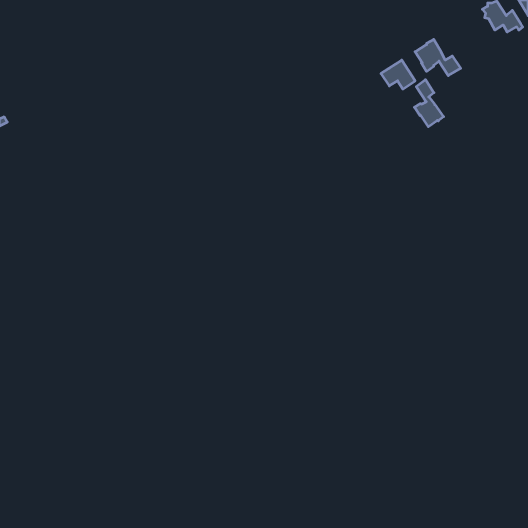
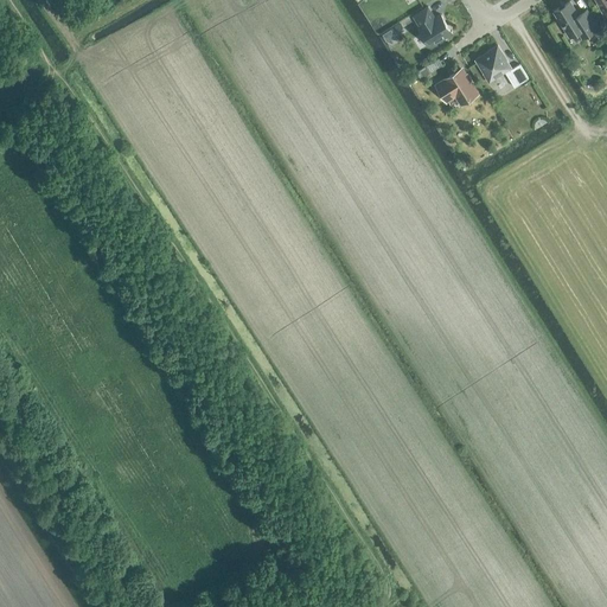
building: none -> [413,7,451,46]
building: [414,80,444,127] -> none

